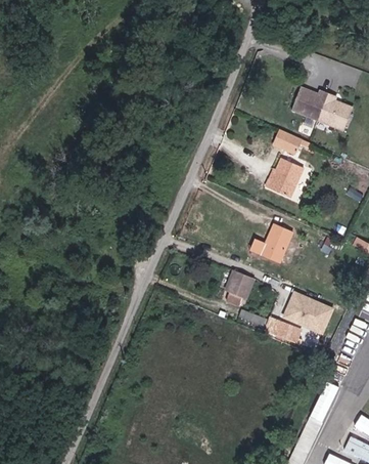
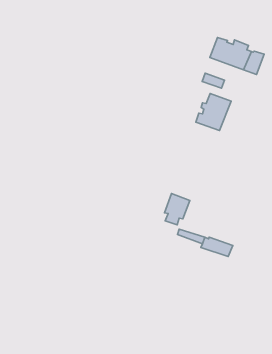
building: [257,217,298,257] -> none
building: [280,290,332,335] -> none

